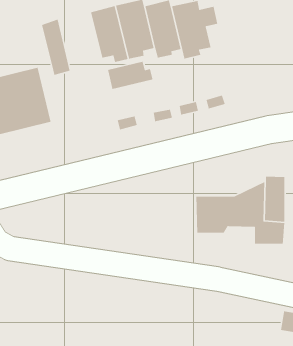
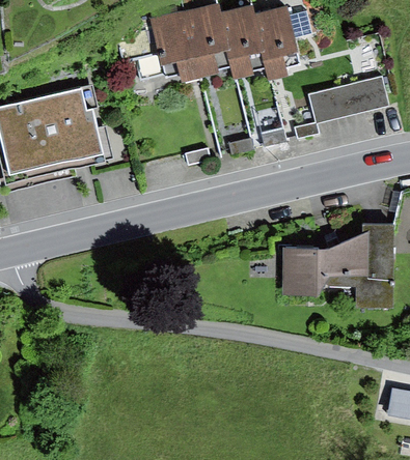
building: [41,19,70,76] -> none
building: [107,61,154,90] -> none
building: none -> [312,82,394,127]

